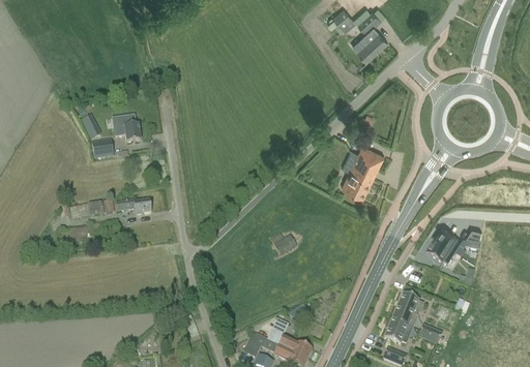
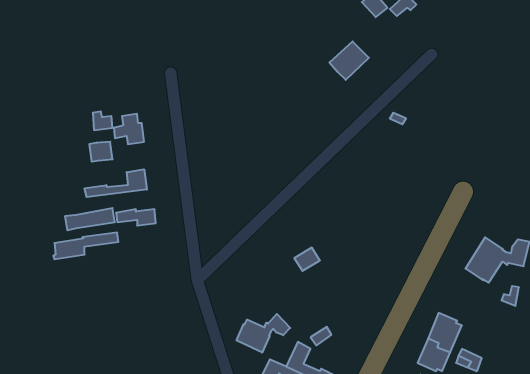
building: [354,24,389,58] -> [329,41,369,80]
building: [344,142,385,194] -> none
building: none -> [85,169,147,197]
building: none -> [237,314,290,353]

